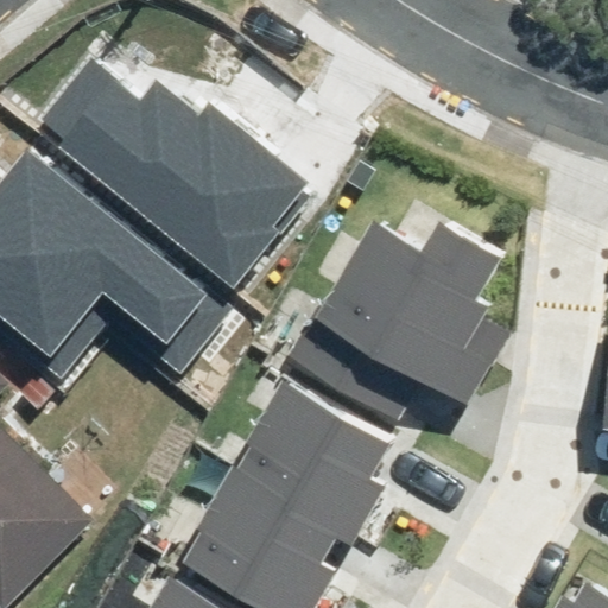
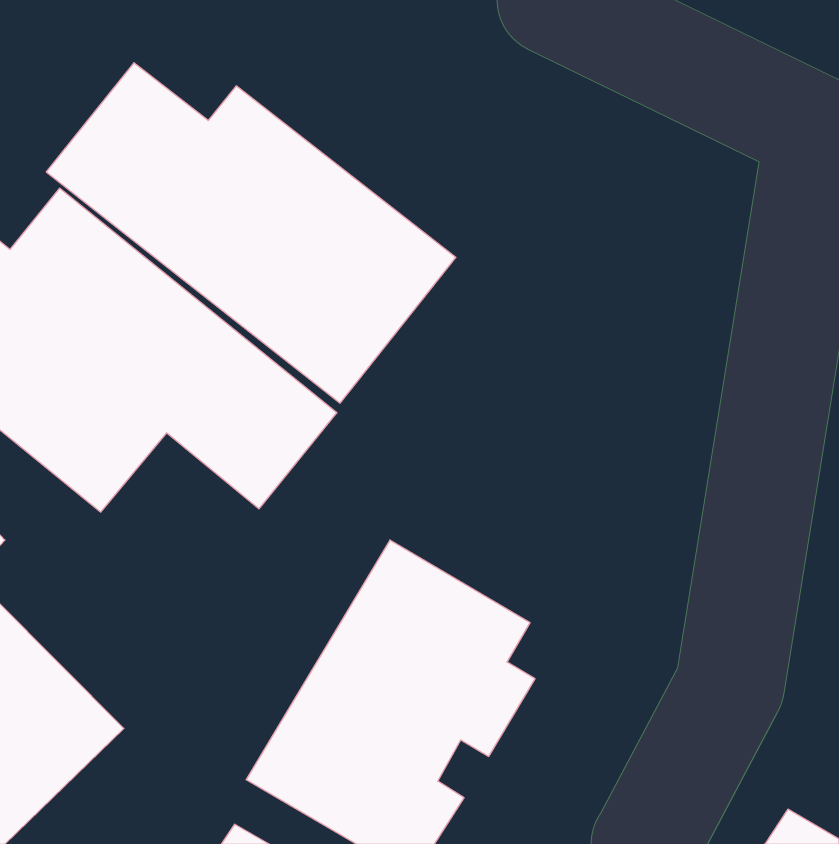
building: [289,221,509,445] -> none

